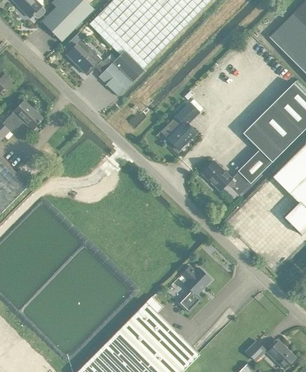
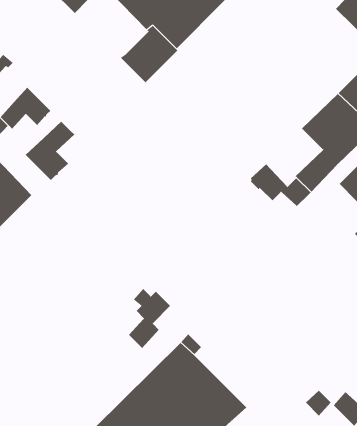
building: [66,39,113,74] -> none
building: [167,102,199,150] -> none
building: none -> [25,121,75,181]
building: [177,265,211,313] -> [128,288,171,349]

